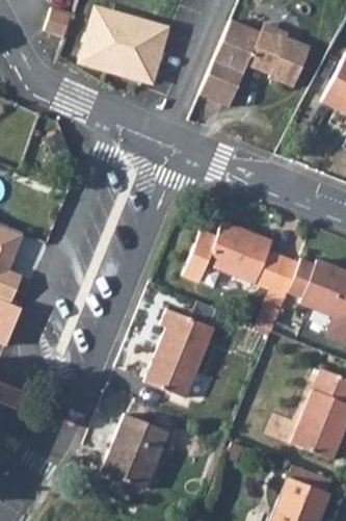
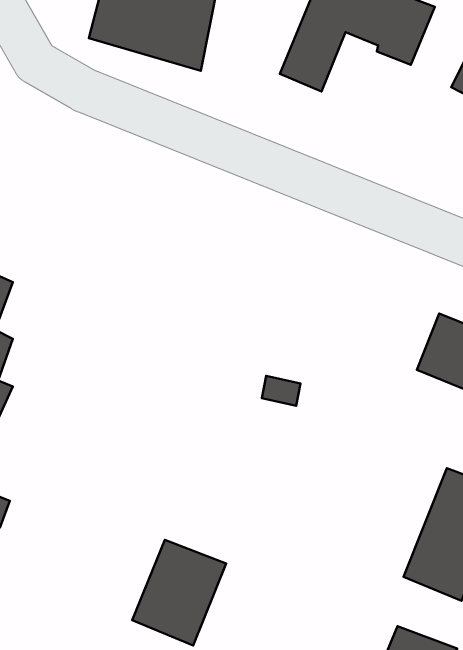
building: [185,220,298,307] -> none
building: [147,310,214,399] -> none

